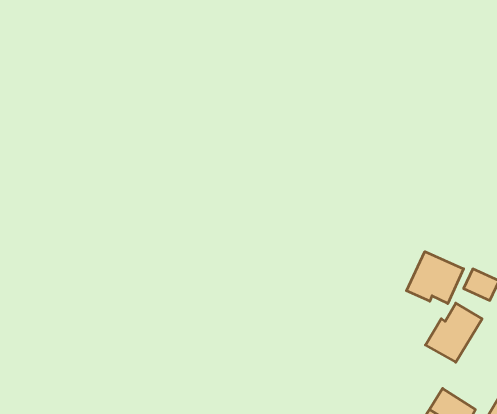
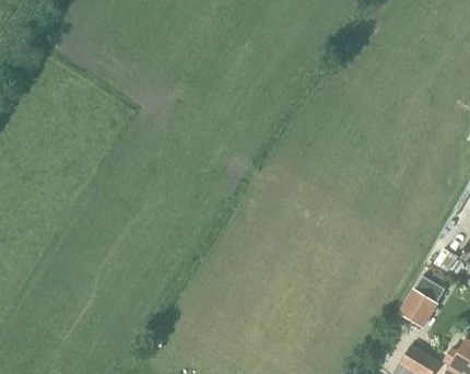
building: [406,252,464,304] -> none

